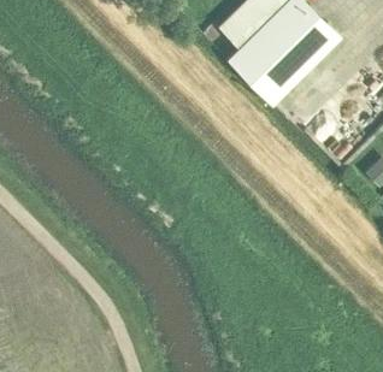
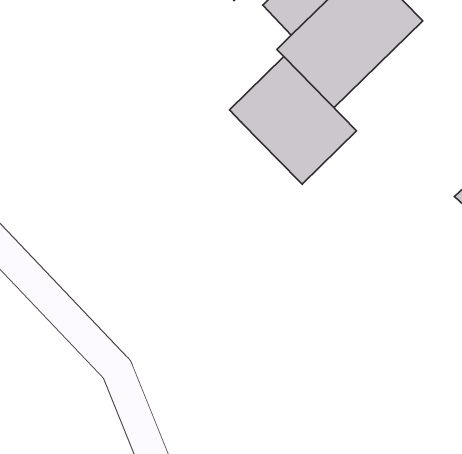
building: none -> [230,57,356,184]

